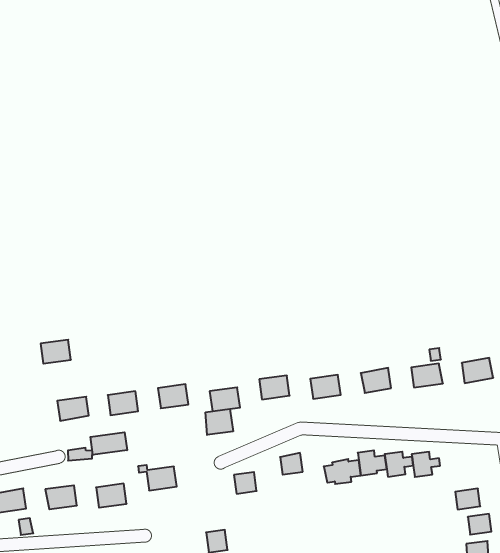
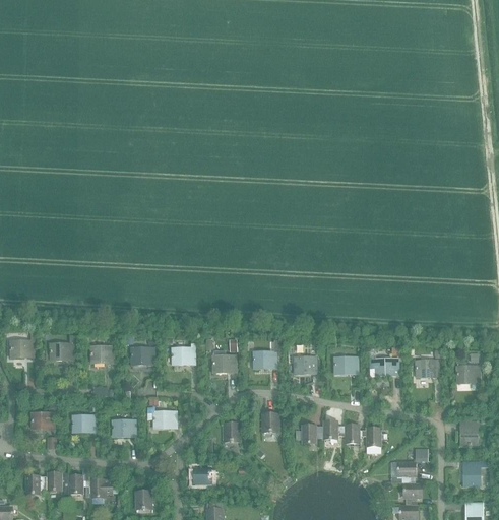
building: [41,340,71,364] -> [51,343,73,360]
building: [206,409,233,435] -> none
building: [90,432,127,455] -> none

